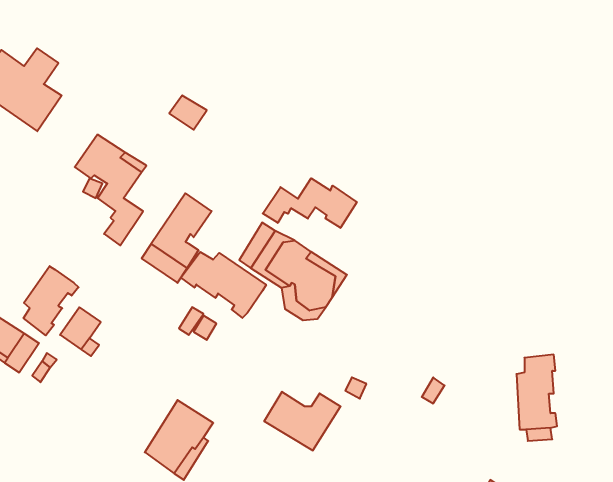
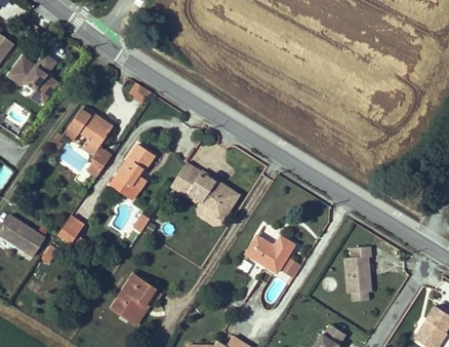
building: [263,178,357,228] -> none
building: [181,252,266,318] -> none
building: [24,266,79,335] -> none
building: [264,392,341,450] -> [246,235,294,272]

